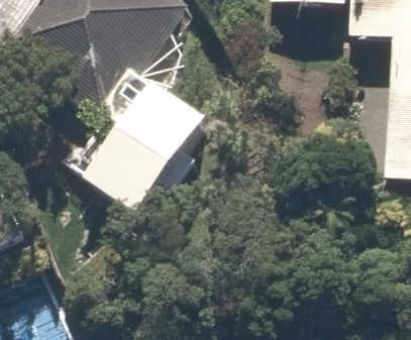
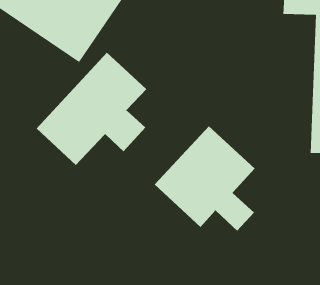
building: none -> [154,125,255,232]

